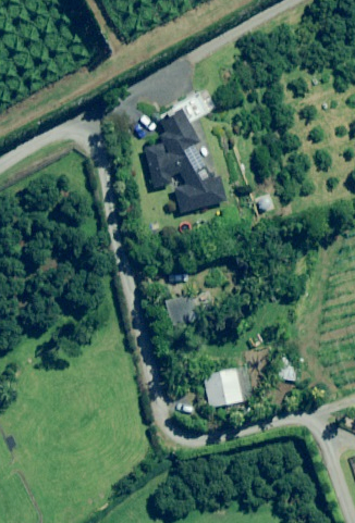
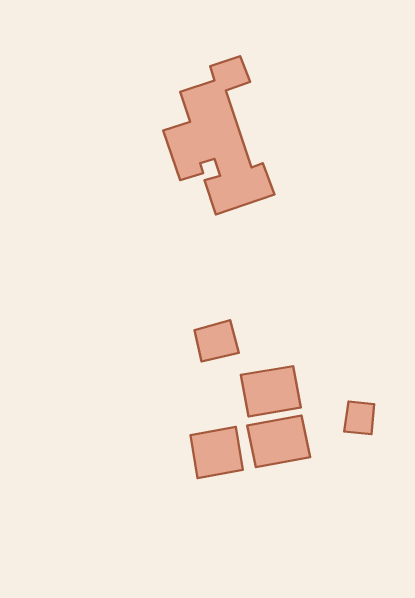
building: none -> [241,366,301,416]
building: none -> [191,427,243,478]

